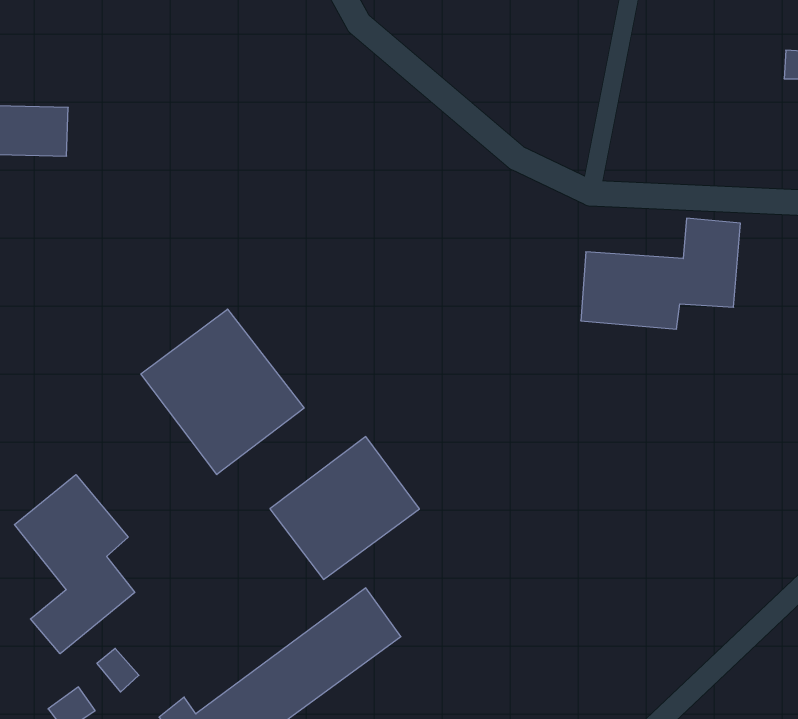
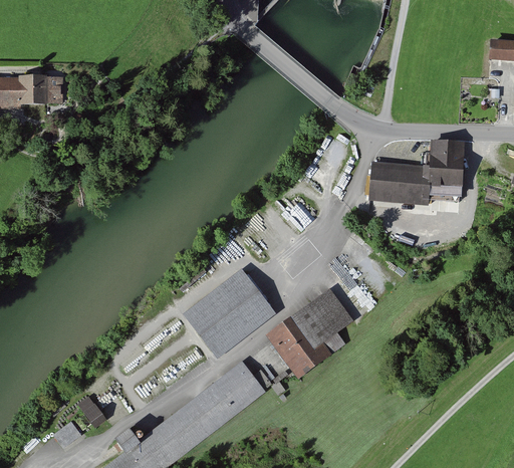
building: [141,309,304,475] -> none
building: none -> [267,290,353,378]
building: [14,475,135,654] -> none

